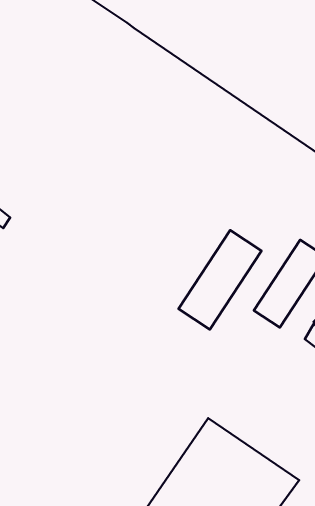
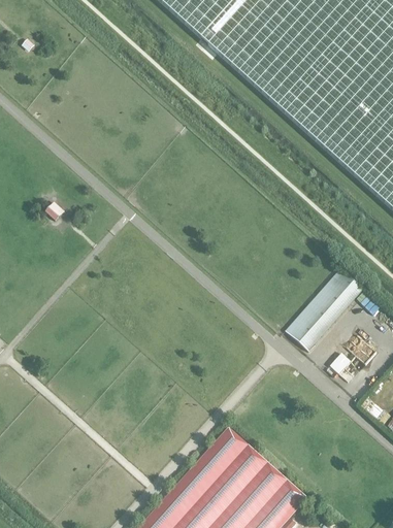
building: [178,230,261,330] -> none

